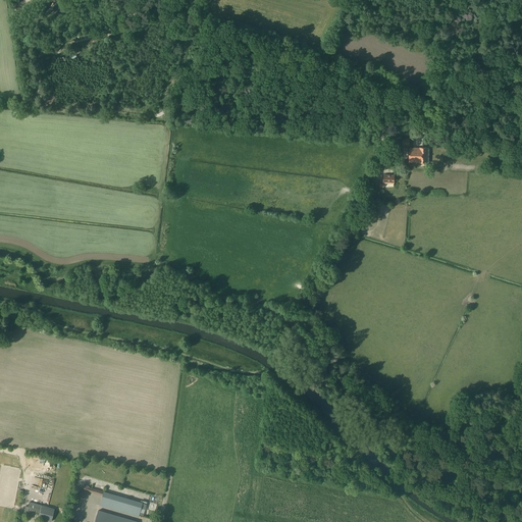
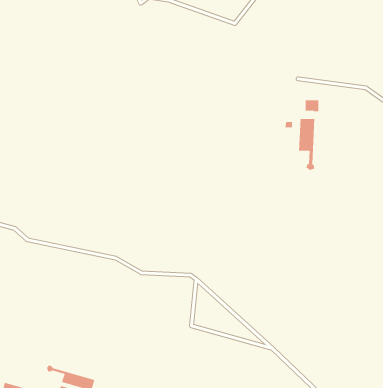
building: none -> [298,118,315,171]

